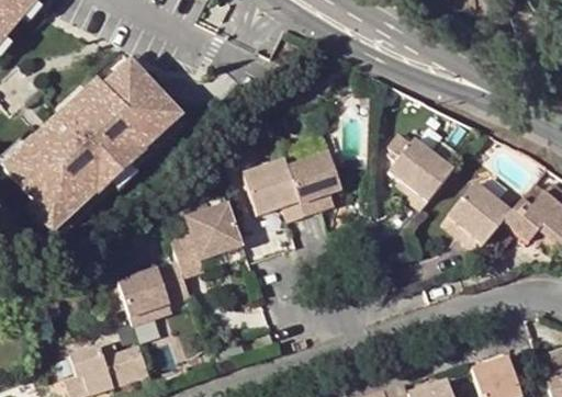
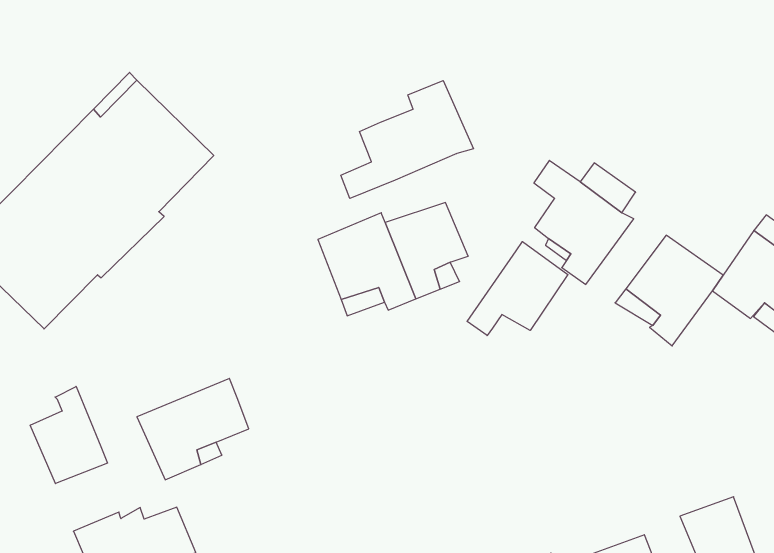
building: none -> [341,81,473,198]
building: none -> [467,242,568,336]
building: [170,205,245,274] -> none
building: none -> [30,386,107,484]

